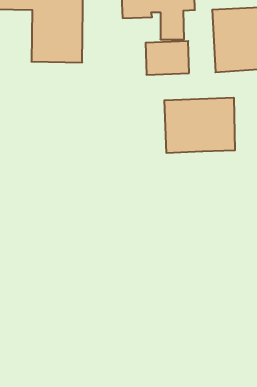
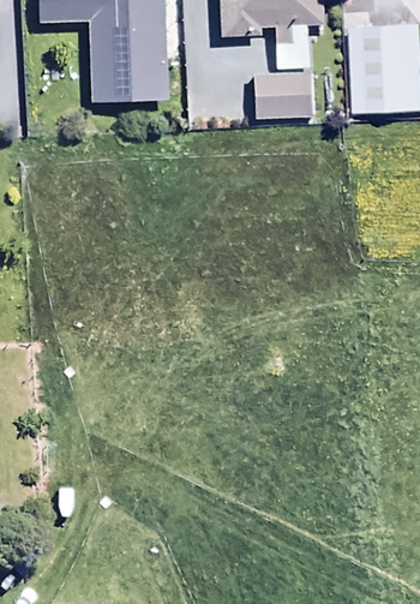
building: [164,98,235,153] -> none

